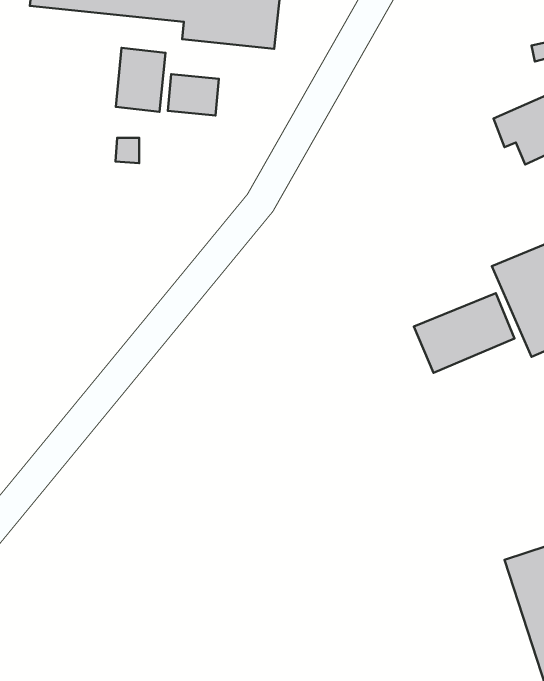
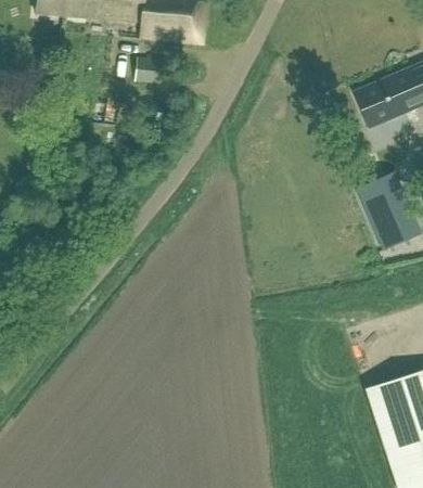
building: [116,48,165,112] -> none
building: [414,293,514,373] -> none

